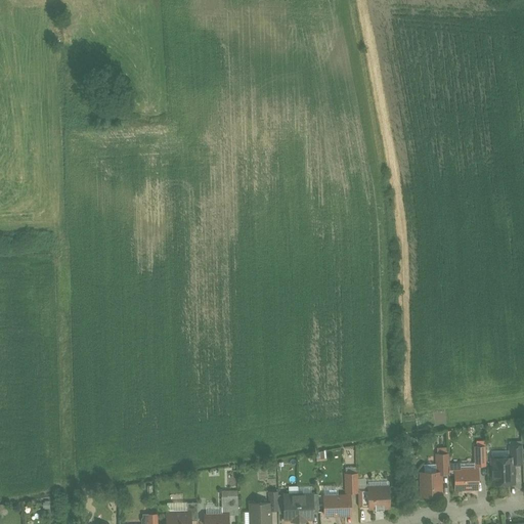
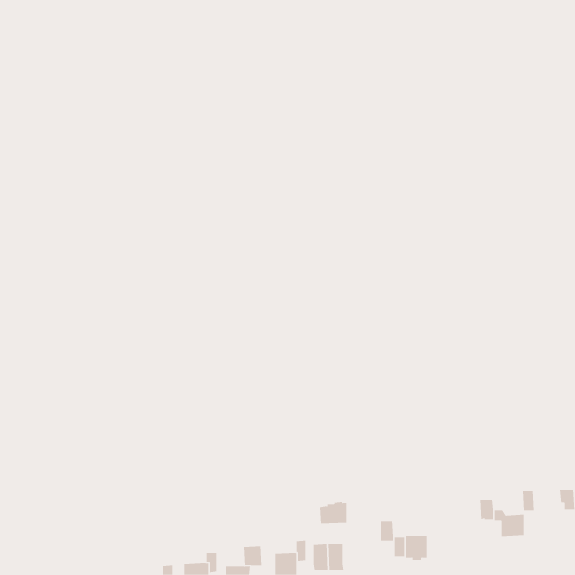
building: [491,457,514,484] -> none
building: [421,472,441,495] -> none
building: [324,494,350,515] -> [319,501,347,524]

